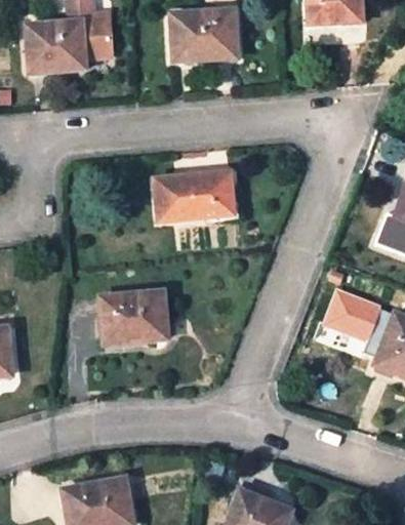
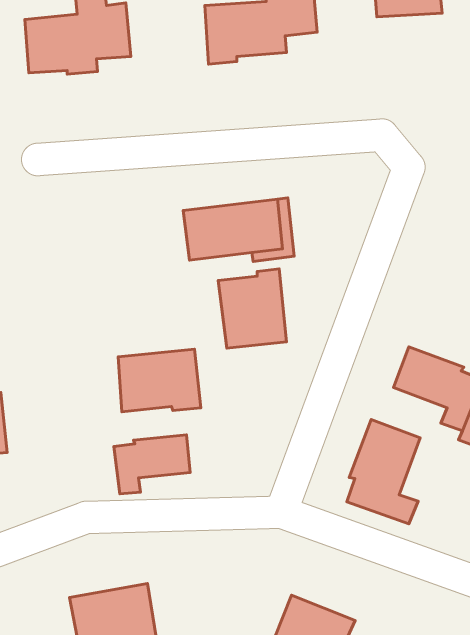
building: none -> [218,269,287,348]
building: none -> [347,420,420,524]
building: none -> [114,435,190,494]

